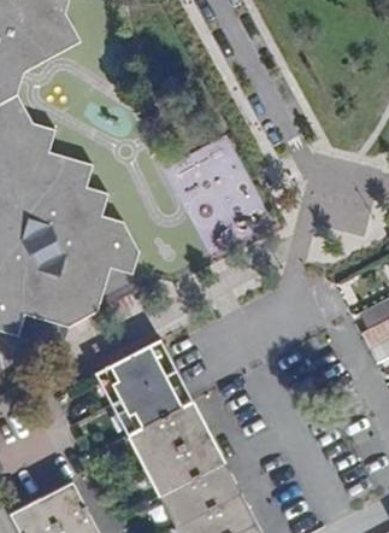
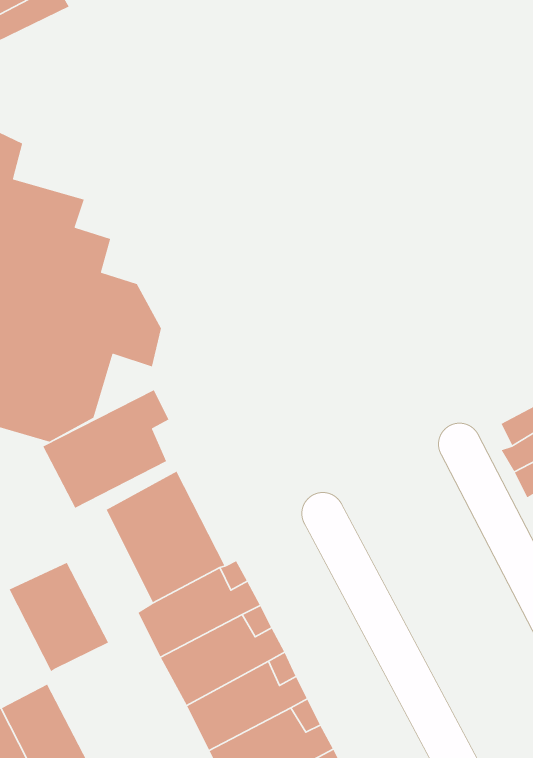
building: none -> [42,389,169,509]
building: none -> [9,562,109,672]

